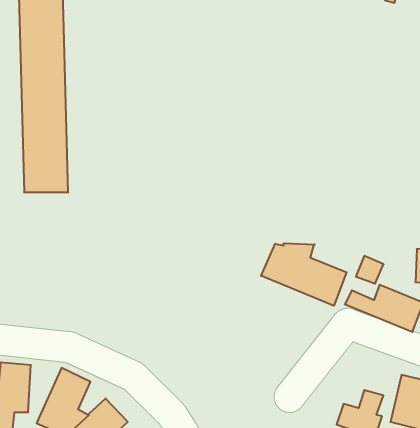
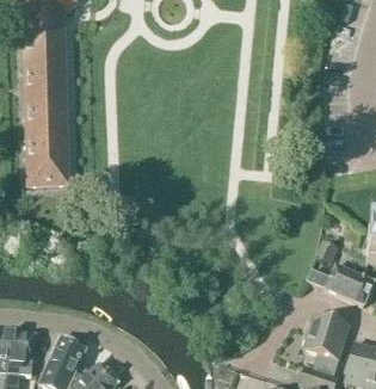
building: [261,243,347,306] -> none
building: none -> [303,313,350,359]

